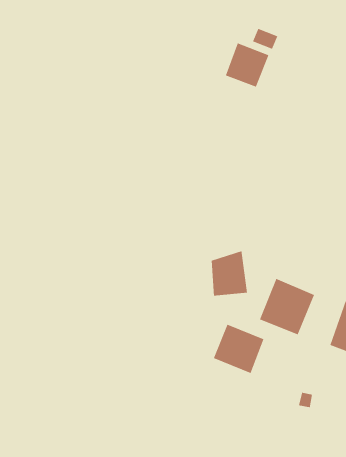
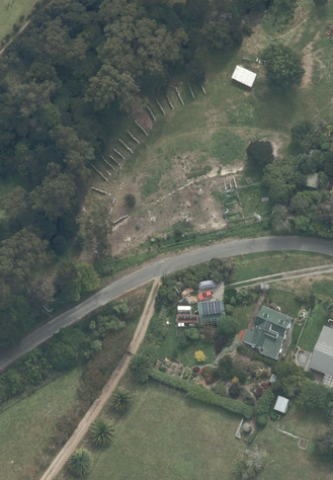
building: [225,42,269,88] -> none
building: [213,324,264,374] -> none

